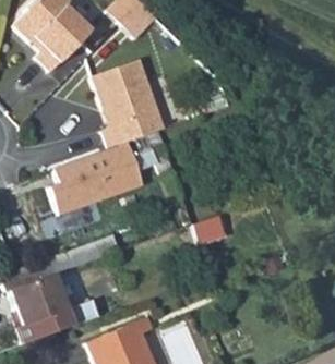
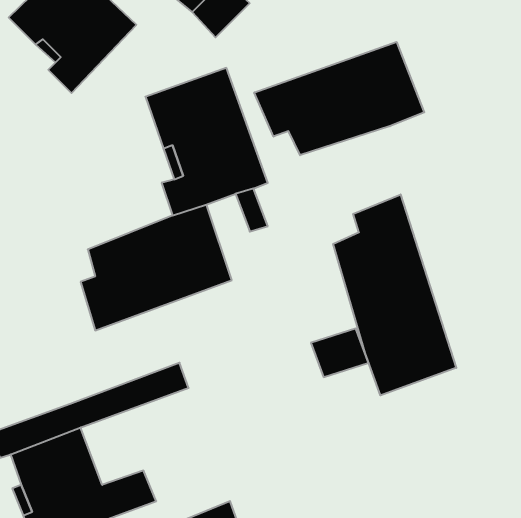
building: none -> [254,42,424,155]
building: none -> [333,194,456,395]

